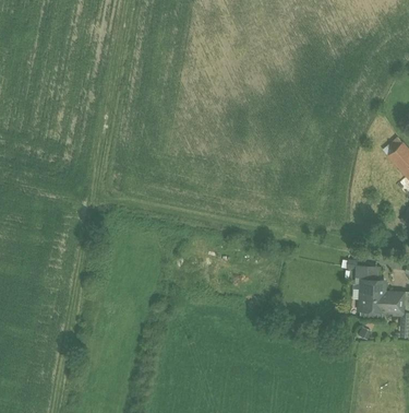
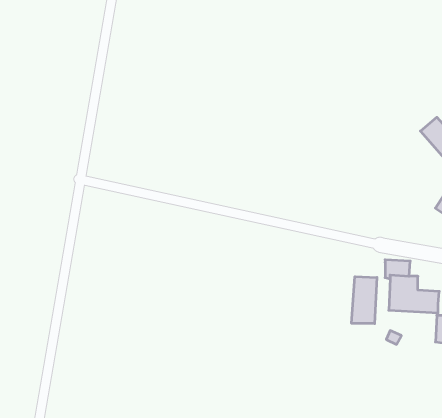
building: none -> [352,277,377,324]

